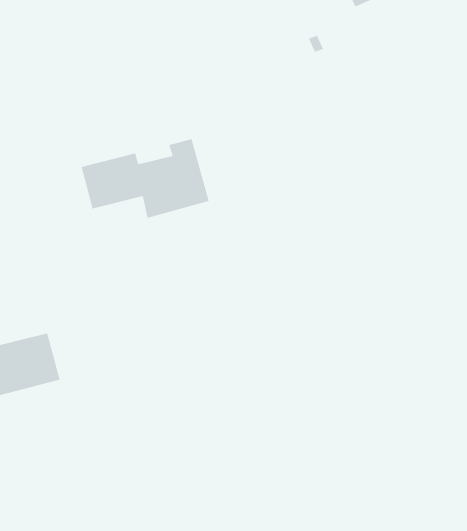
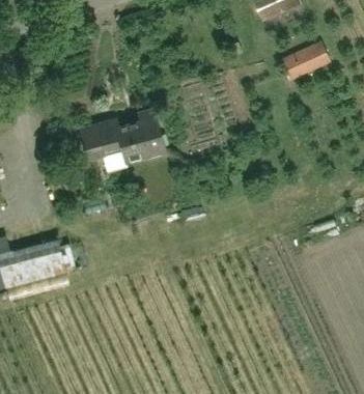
building: none -> [279,41,332,83]

